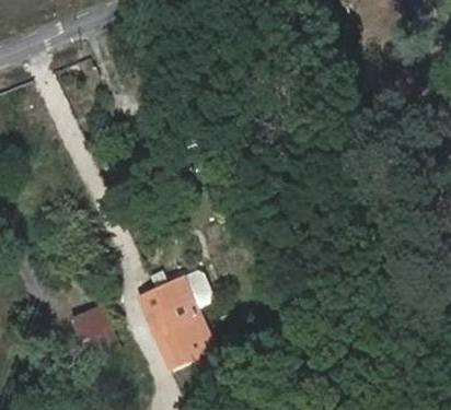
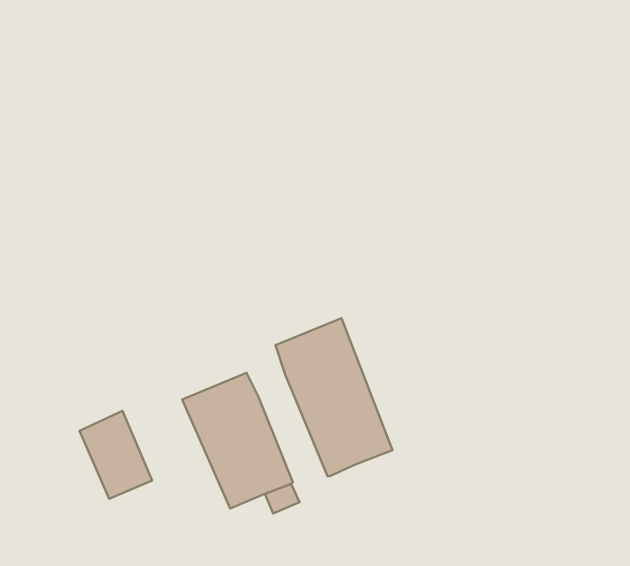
building: none -> [275,318,392,476]

